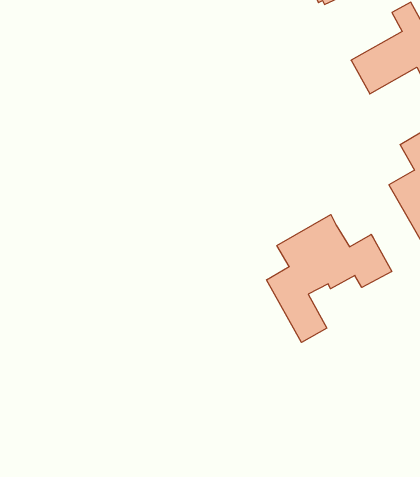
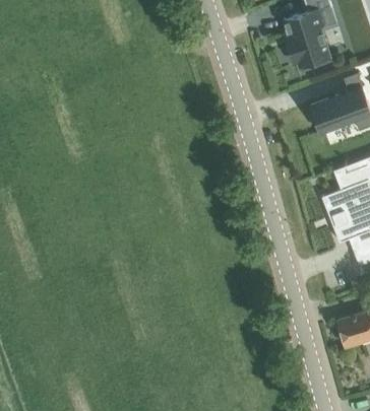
building: [267,215,392,342] -> none

